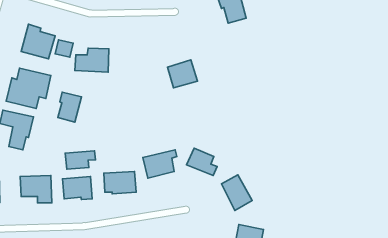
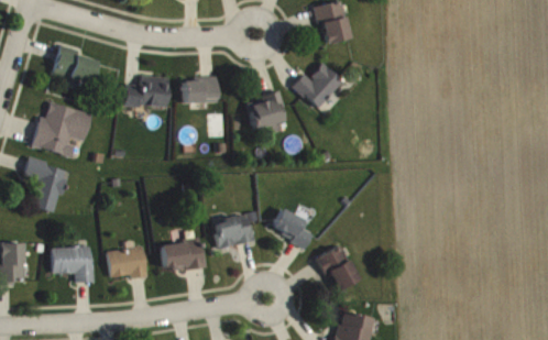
building: none -> [291,63,341,108]
building: none -> [183,78,217,102]
building: [58,92,81,122] -> none
building: [65,151,96,169] -> none

